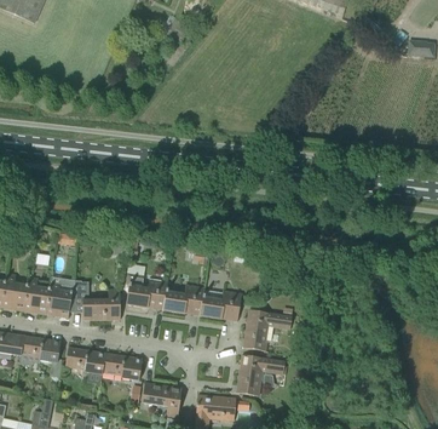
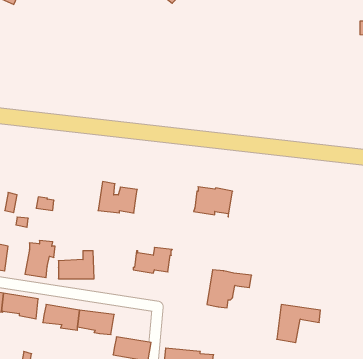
building: [125,273,167,307] -> [98,182,137,213]
building: [23,276,50,314] -> none
building: [198,288,241,321] -> [194,187,233,217]
building: [236,354,283,395] -> [277,305,320,343]

